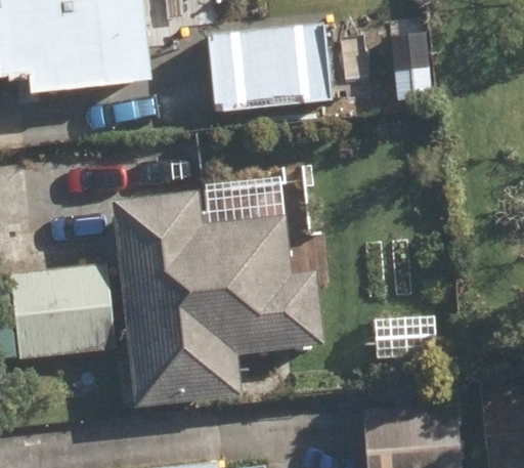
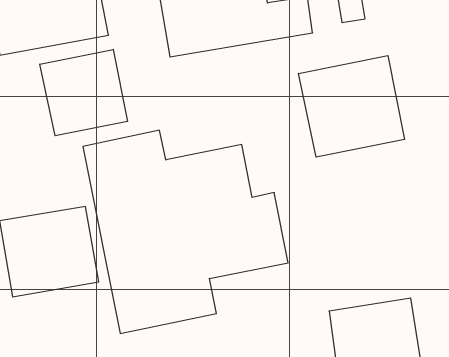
building: none -> [40,49,128,136]
building: none -> [299,56,405,157]

